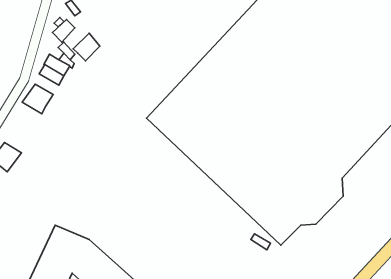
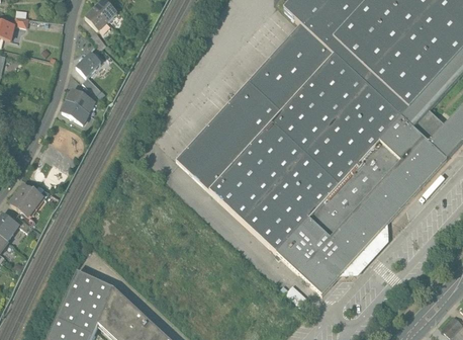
building: [73,33,100,61] -> none
building: [22,84,53,114] -> none

